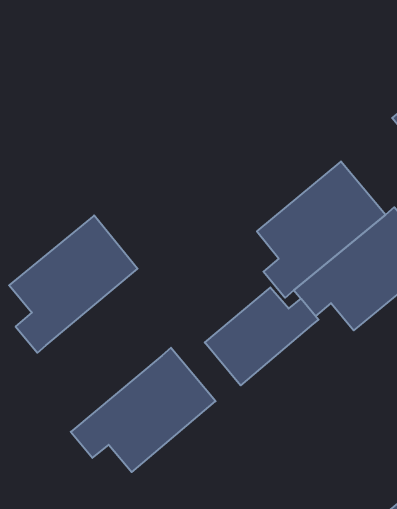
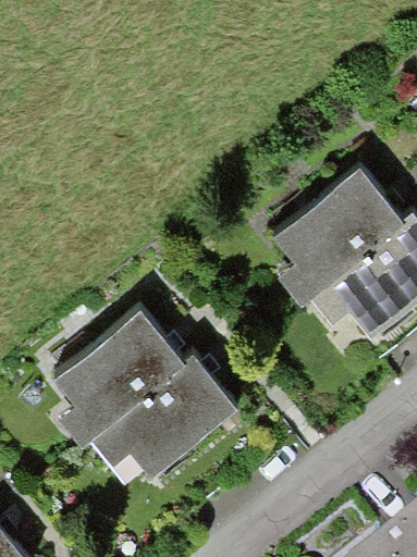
building: [9,215,138,353] -> [52,307,181,444]
building: [205,287,319,385] -> none

